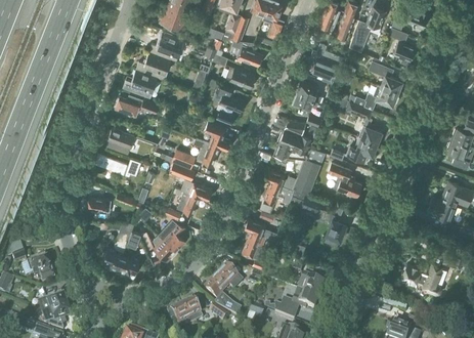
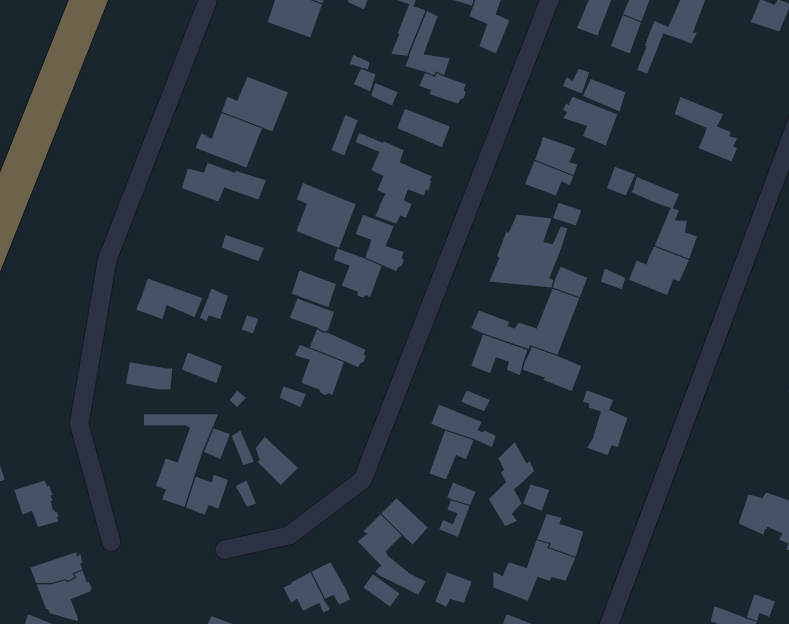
building: [389,28,415,66] -> none
building: [149,32,190,64] -> none
building: [354,86,398,110] -> none
building: none -> [296,182,357,249]
building: [106,127,134,154] -> none
building: [328,162,363,198] -> none
building: [159,220,186,251] -> none
building: none -> [488,441,535,527]

